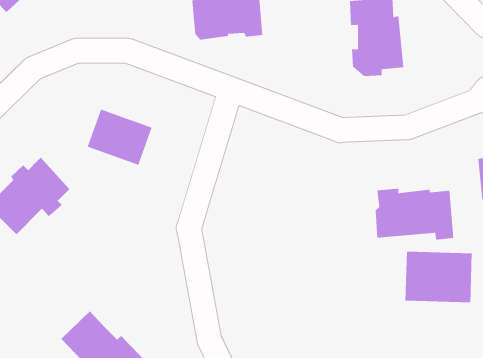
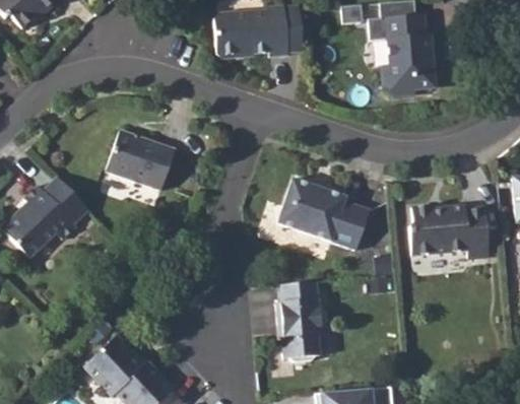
building: none -> [278,179,370,249]
building: [405,251,472,303] -> none
building: none -> [276,283,327,362]

